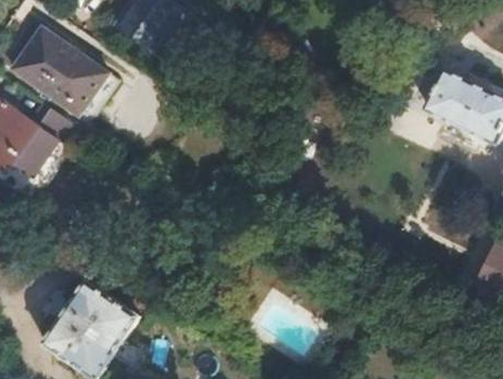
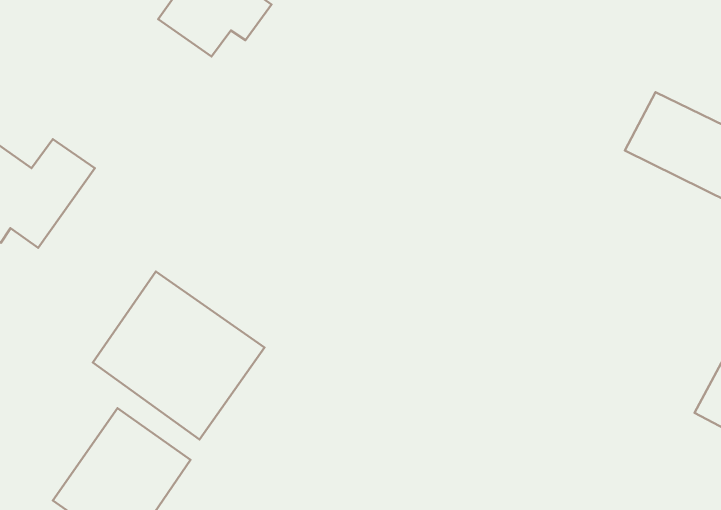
building: [11,26,117,120] -> none
building: none -> [93,271,265,440]

